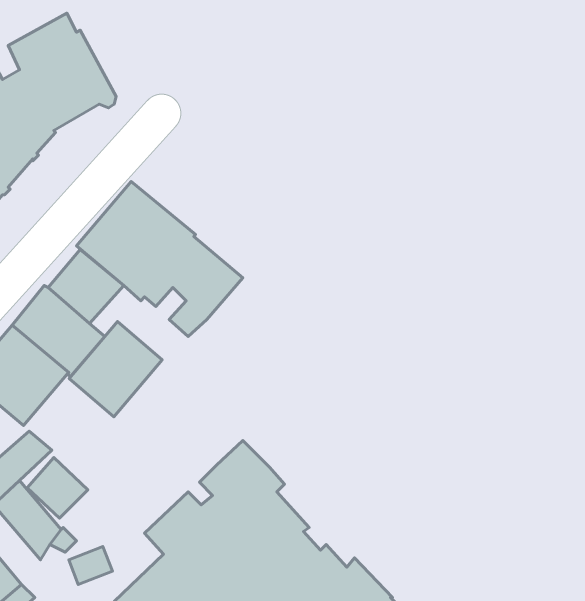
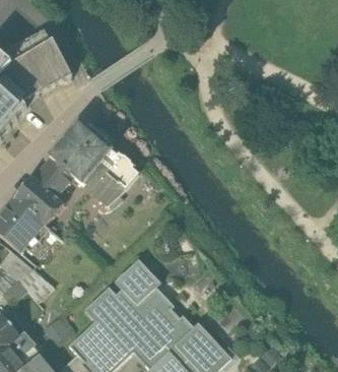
building: [69,321,162,417] -> none

